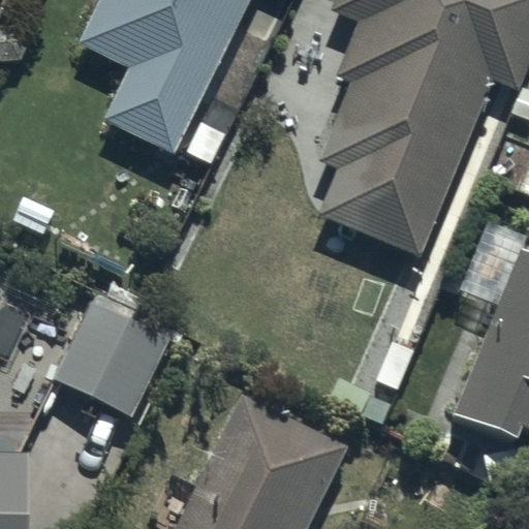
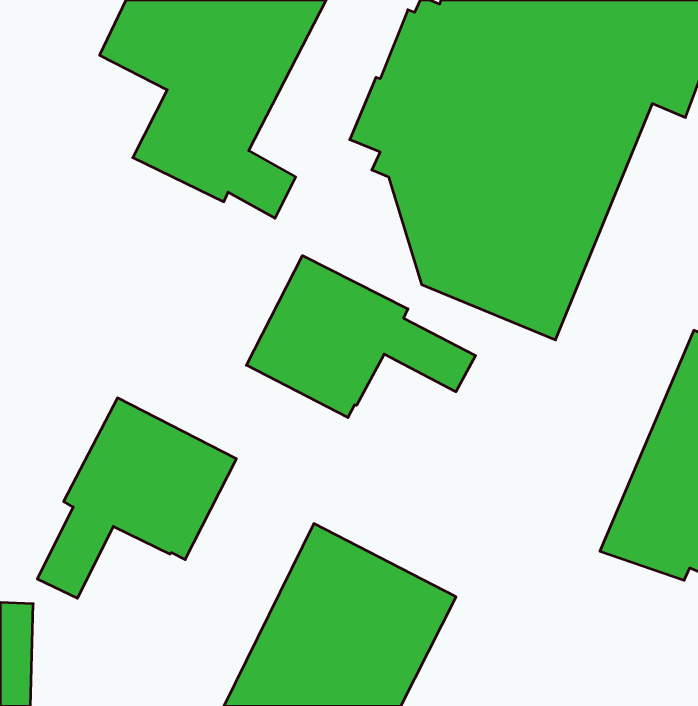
building: none -> [246,256,476,418]

